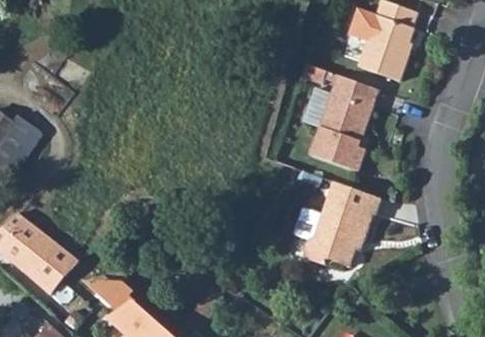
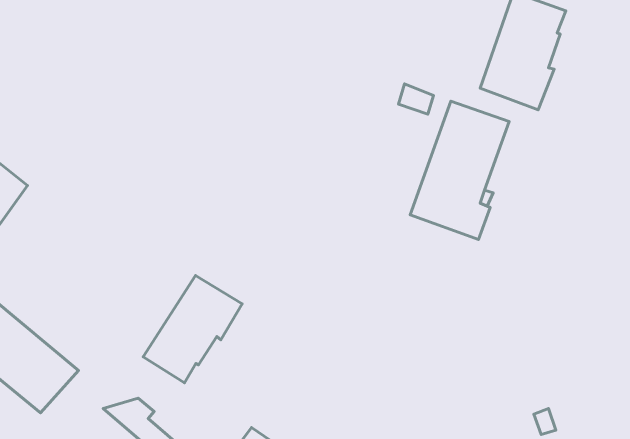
building: [292,181,380,266] -> none
building: none -> [143,276,242,383]

